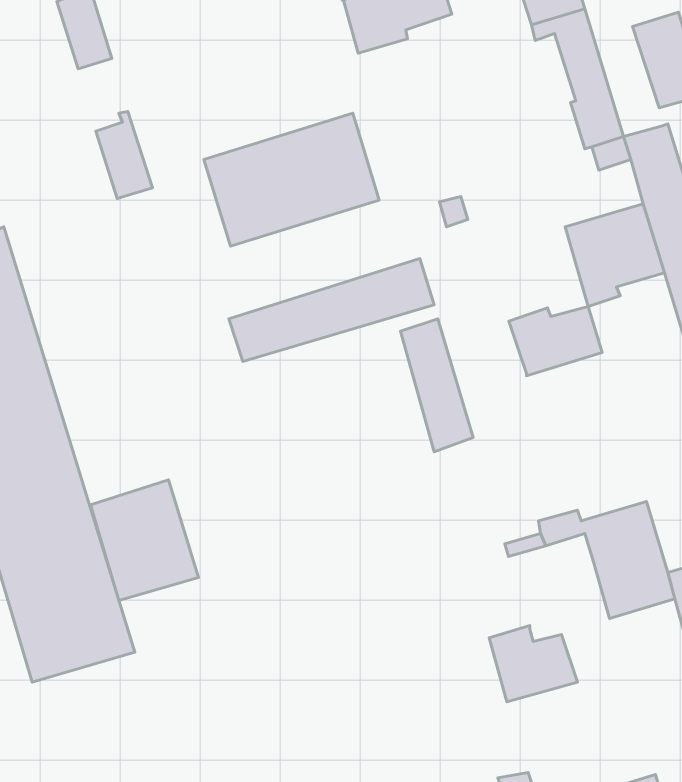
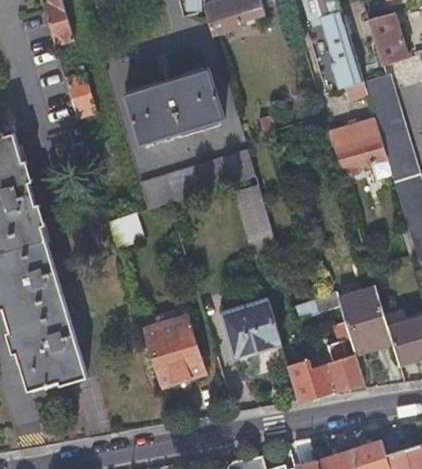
building: [509,306,602,376] -> none
building: [91,480,199,600] -> [143,316,204,384]
building: none -> [221,299,287,370]
building: none -> [310,321,366,391]

